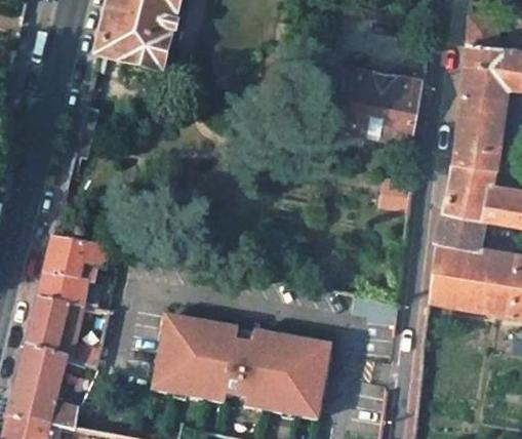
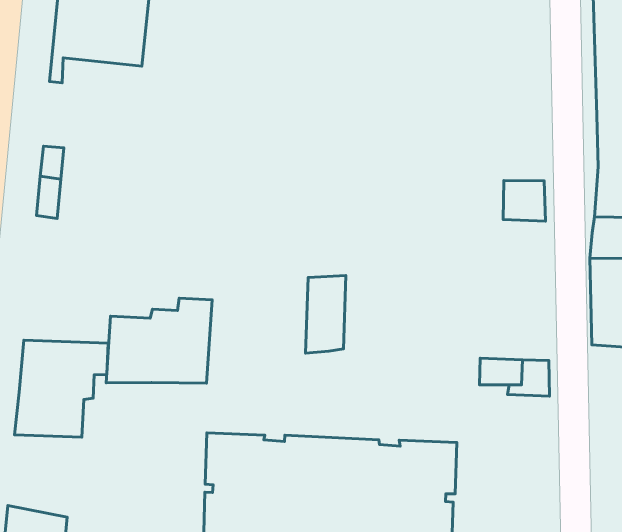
building: [344,69,424,137] -> none
building: none -> [306,275,346,353]
building: none -> [106,298,212,383]
building: [28,298,83,359] -> none

